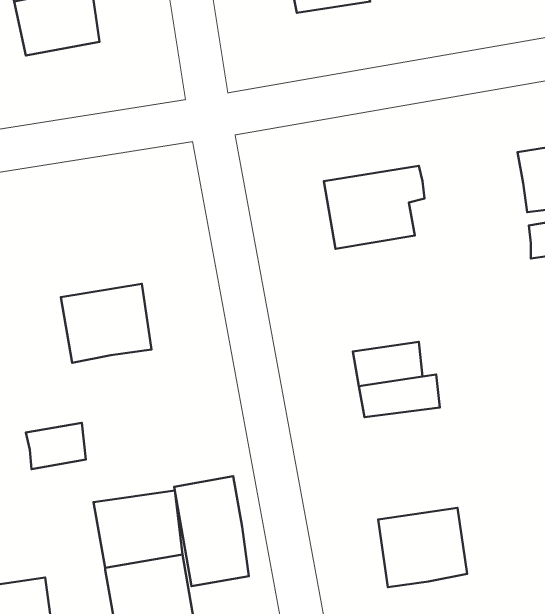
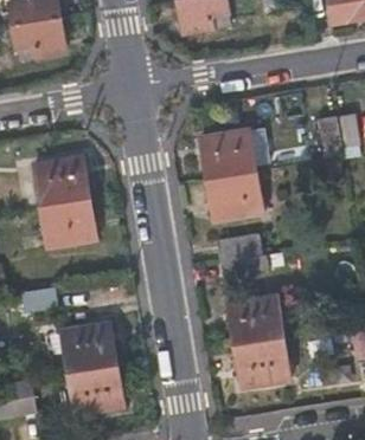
building: none -> [33,160,90,207]
building: none -> [209,169,264,218]
building: none -> [229,293,283,343]
building: [174,476,249,586] -> none

